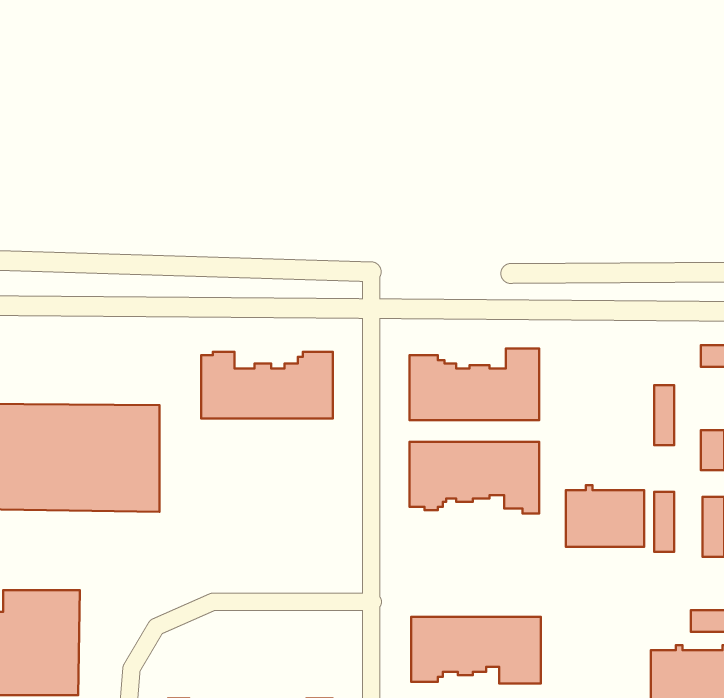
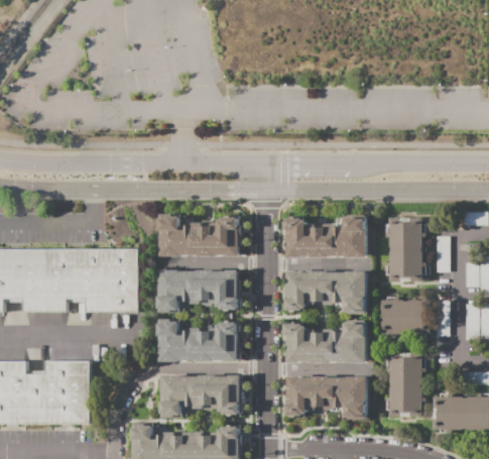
building: none -> [384,217,424,281]
building: none -> [159,269,240,312]
building: none -> [158,320,241,361]
building: none -> [285,321,366,362]
building: none -> [388,353,421,416]
building: none -> [161,374,242,418]

